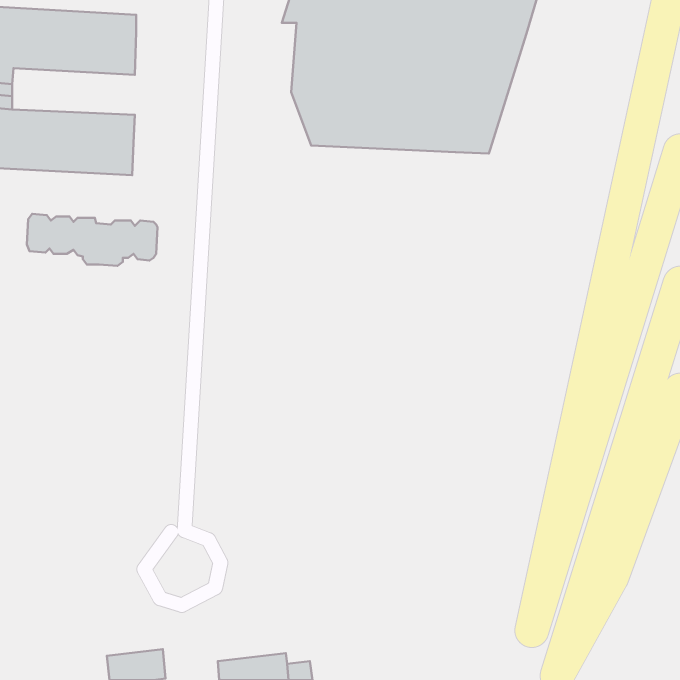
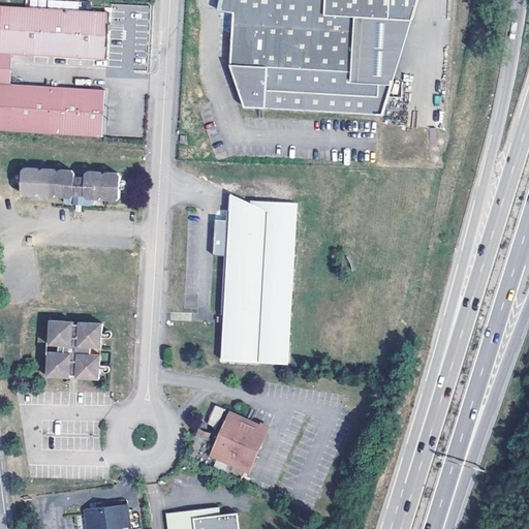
building: none -> [220,195,295,367]
building: none -> [45,318,101,377]
building: none -> [208,408,269,471]

